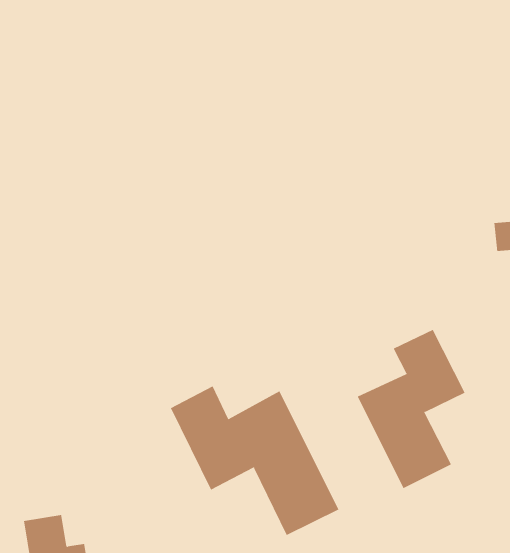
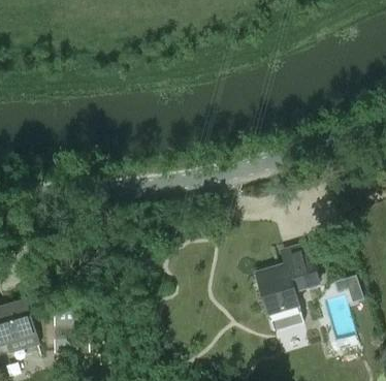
building: [170,385,339,536] -> none

